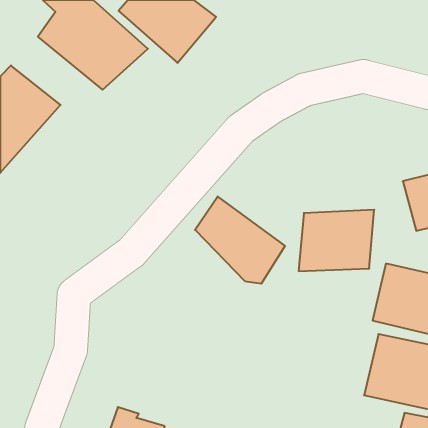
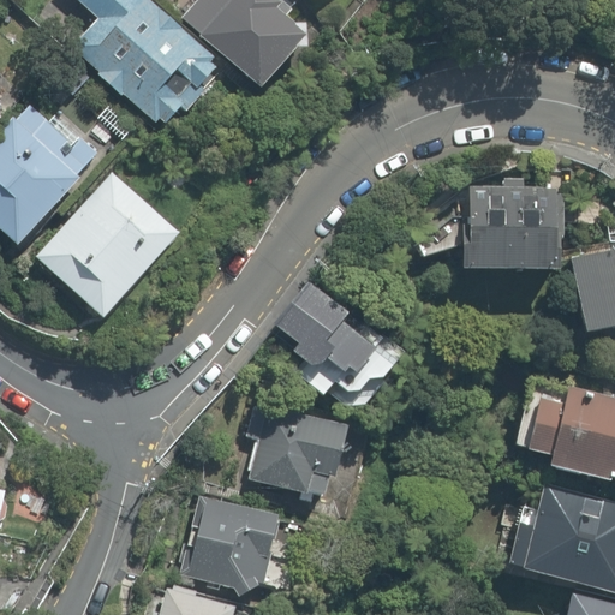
building: none -> [26,174,169,317]
building: [299,210,374,271] -> [466,184,574,271]
building: none -> [251,401,354,495]
building: none -> [180,496,288,597]

